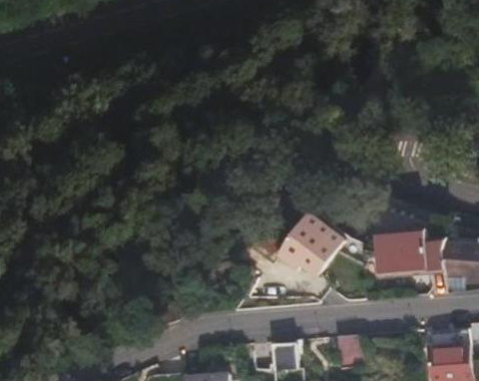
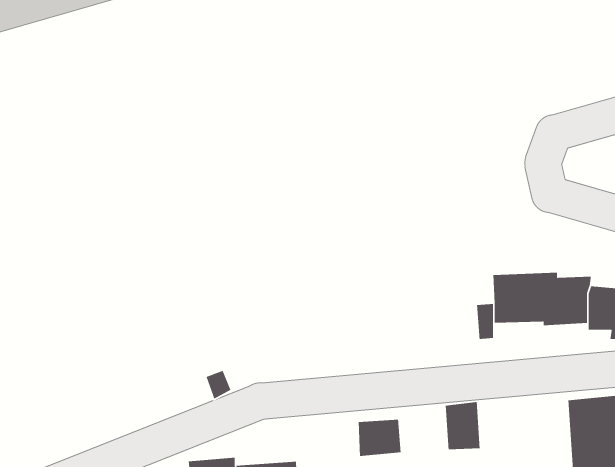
building: [273,213,342,277] -> none

